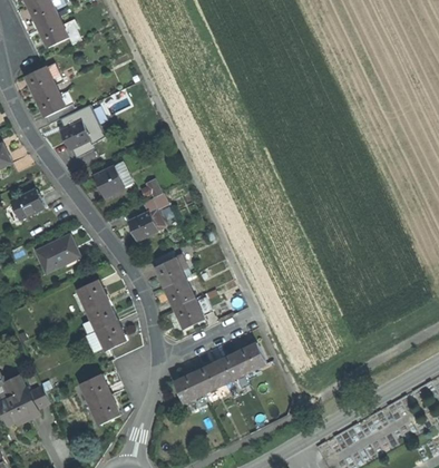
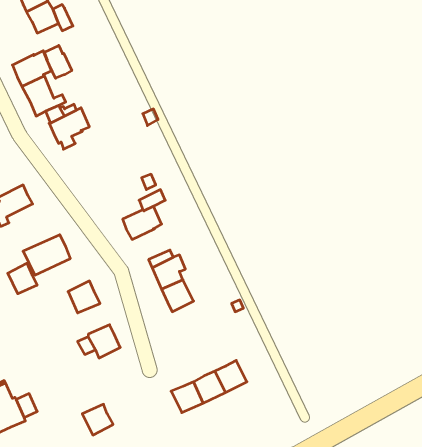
building: none -> [45,45,72,78]
building: [95,159,140,197] -> none
building: none -> [8,263,37,294]
building: [175,295,216,329] -> none
building: [86,301,116,330] -> none
building: [235,344,265,374] -> none
building: [80,373,110,404] -> none

